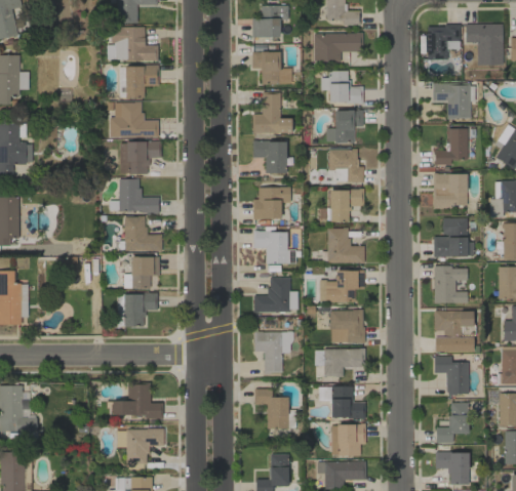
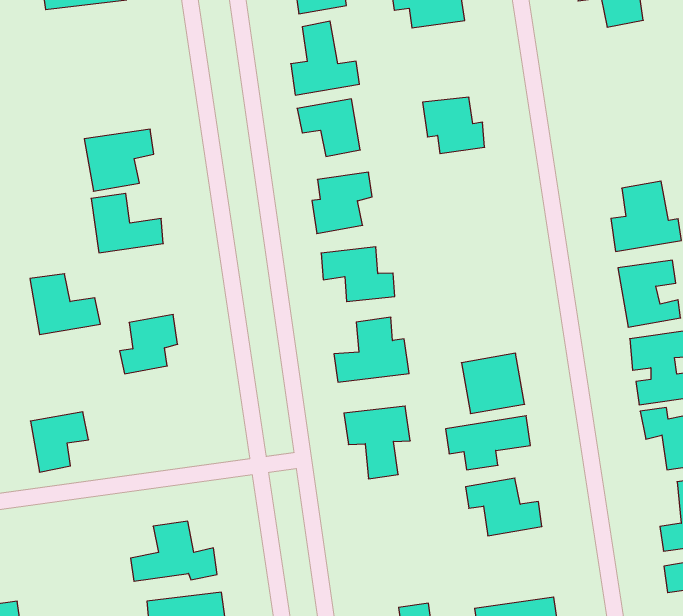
building: [126,66,159,98] -> none
building: [110,103,159,137] -> none
building: [326,110,363,142] -> none
building: [435,128,468,165] -> none
building: [433,173,468,207] -> none
building: [319,189,364,221] -> none
building: [124,216,163,251] -> [30,274,100,335]
building: [327,228,364,263] -> none
building: [319,270,364,302] -> none
building: [124,293,158,326] -> [30,412,89,472]
building: [255,388,288,428] -> none
building: [331,424,366,455] -> none

